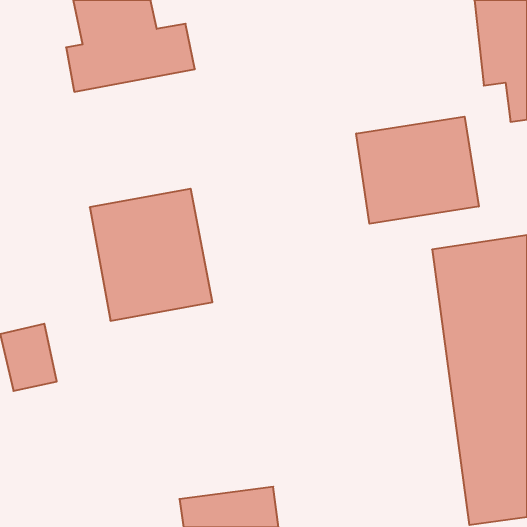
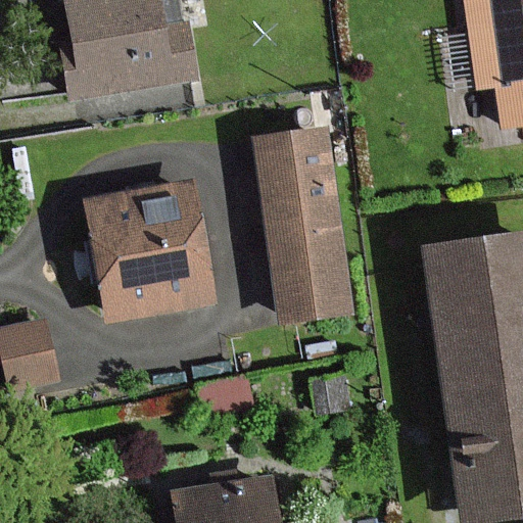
building: [356,117,479,224] -> none
building: none -> [254,133,348,319]

